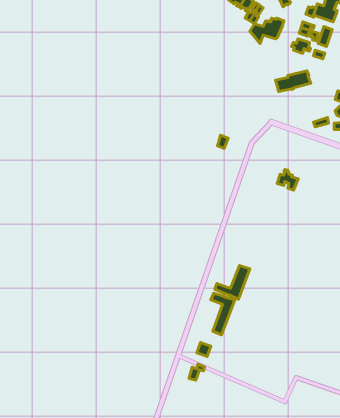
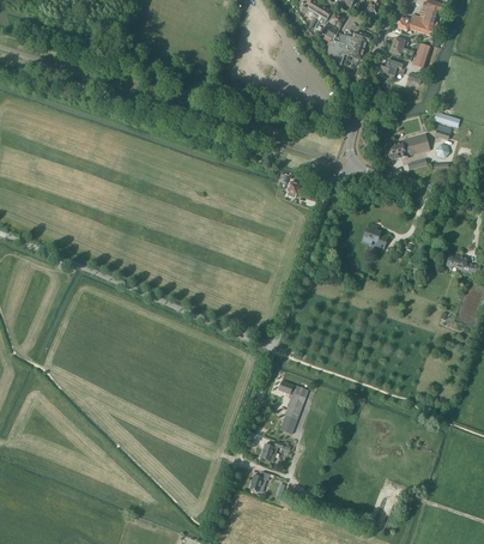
building: [276,71,311,92] -> [386,133,430,159]
building: [215,265,250,299] -> none

